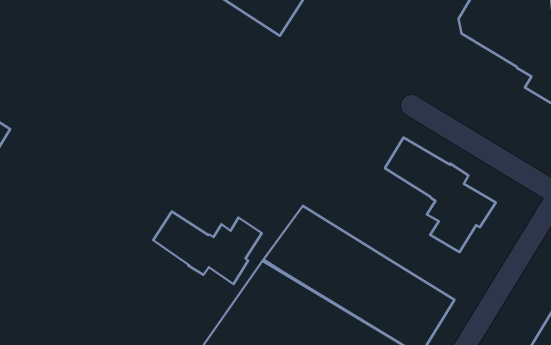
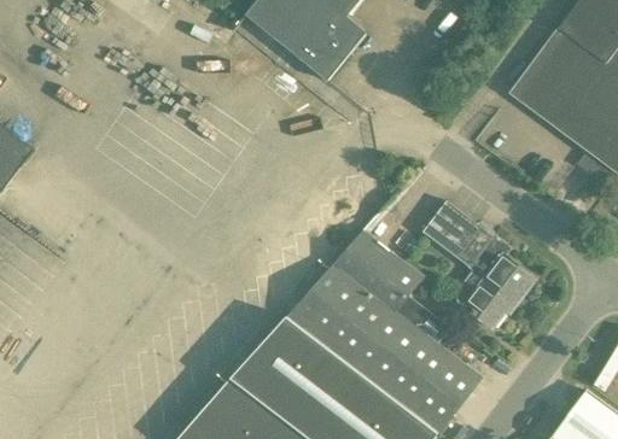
building: none -> [333,230,426,327]
building: [153,212,262,284] -> none

